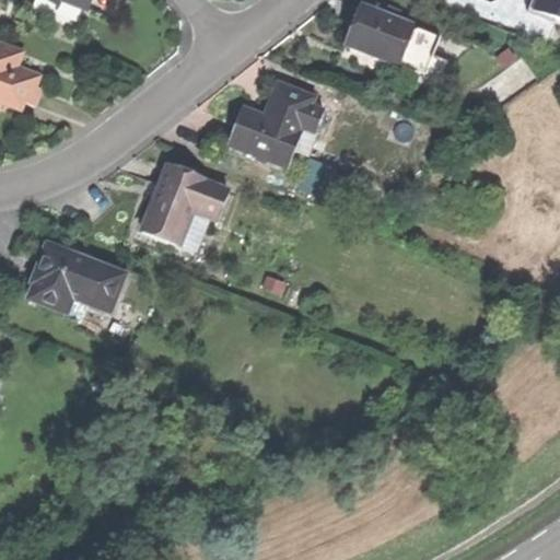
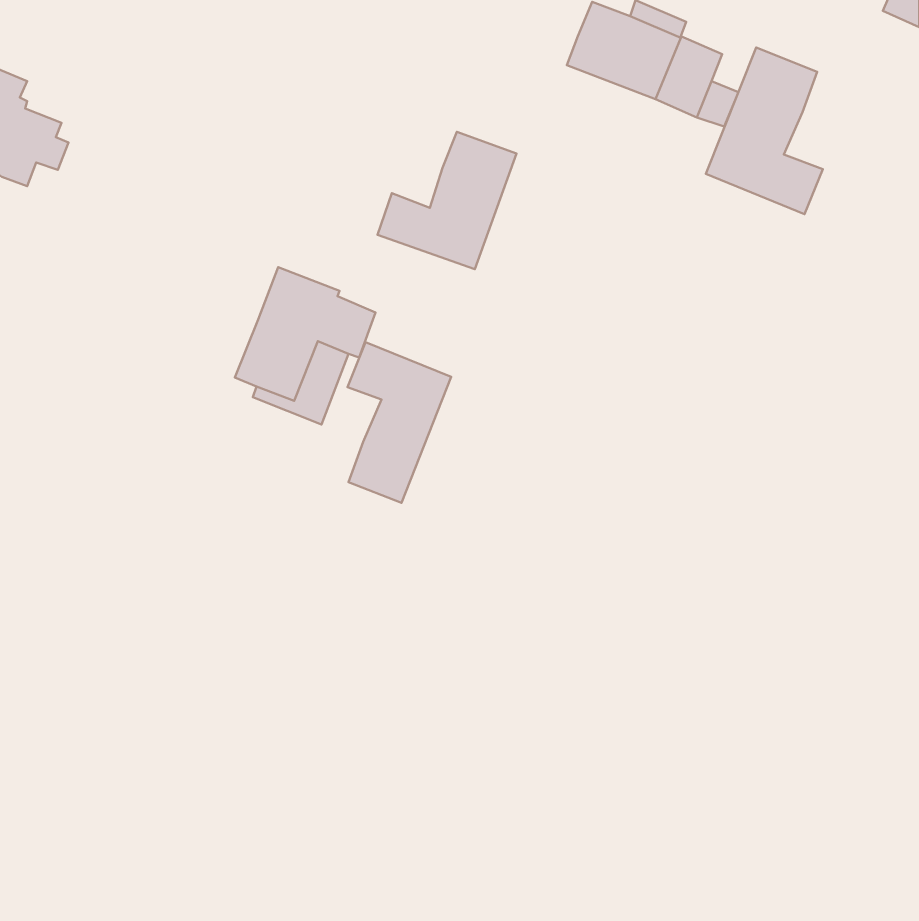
building: none -> [706,48,823,214]
building: none -> [347,342,451,503]
building: [31,244,122,315] -> none

